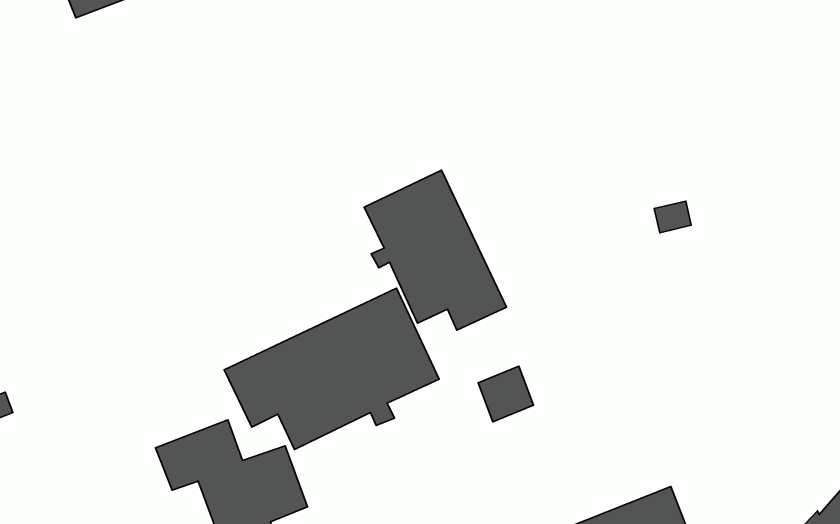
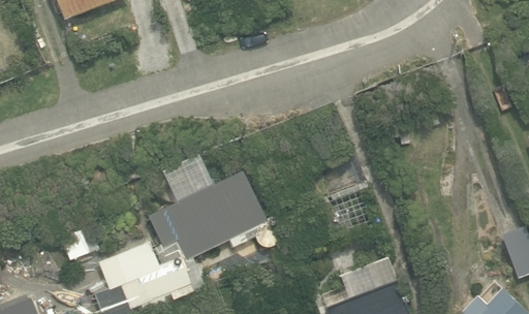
building: [364,170,506,330] -> none

